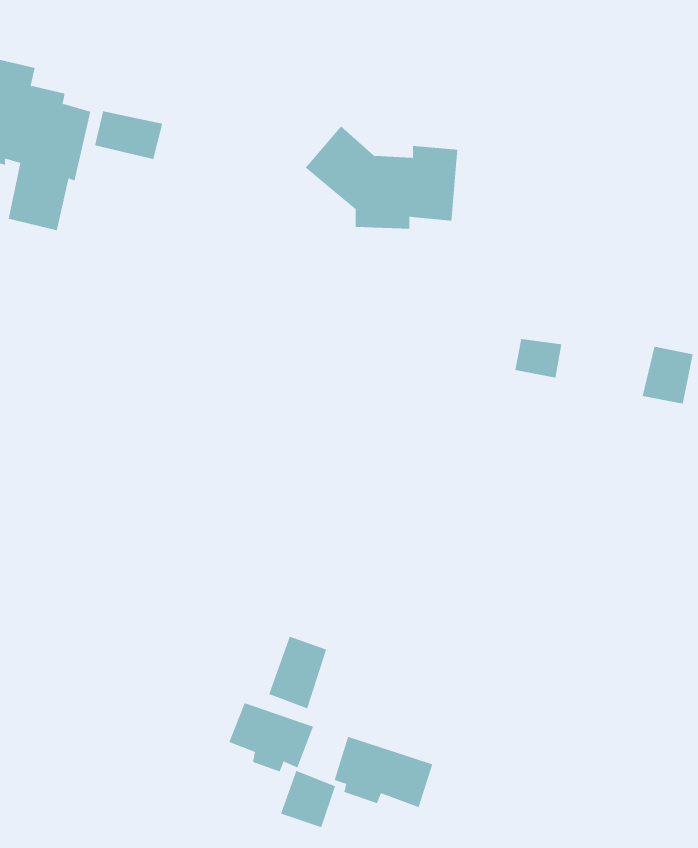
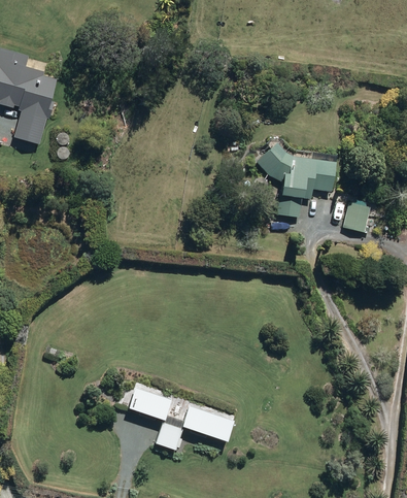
building: [94,110,163,160] -> none
building: [305,126,458,229] -> [258,141,337,195]
building: [268,636,327,709] -> none

